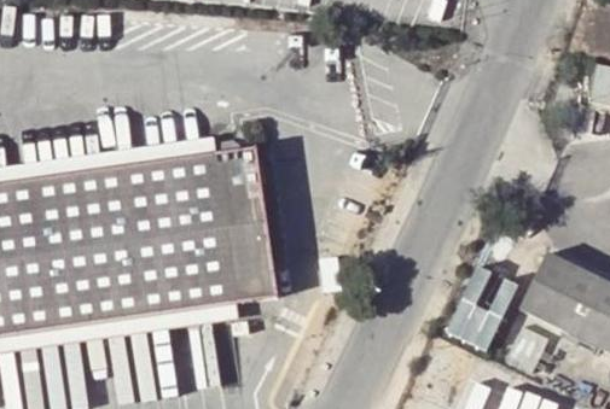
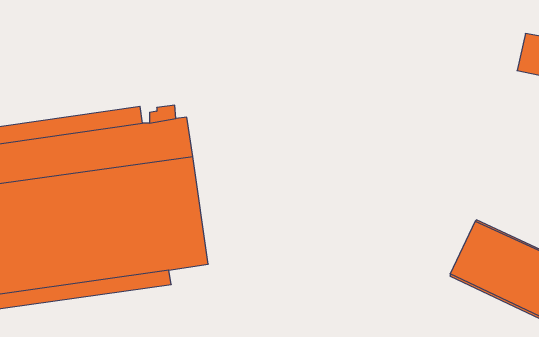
building: [453,259,524,345] -> none

